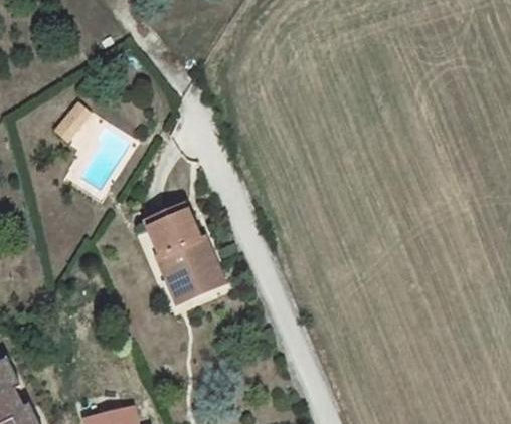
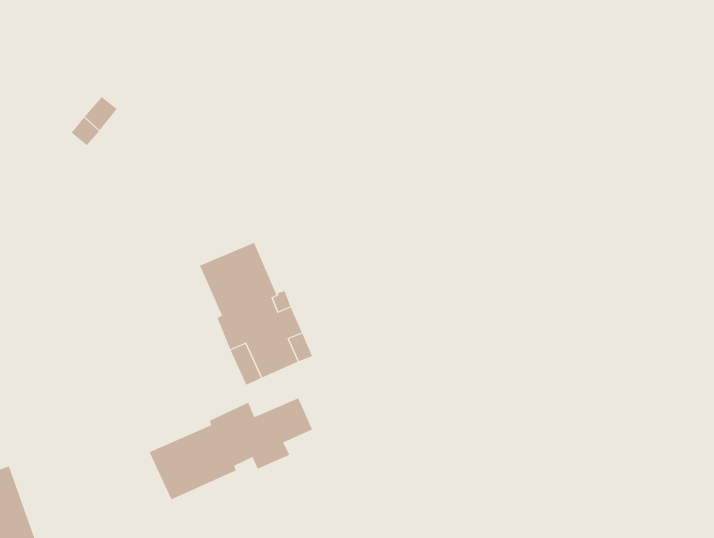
building: none -> [149,398,313,500]

